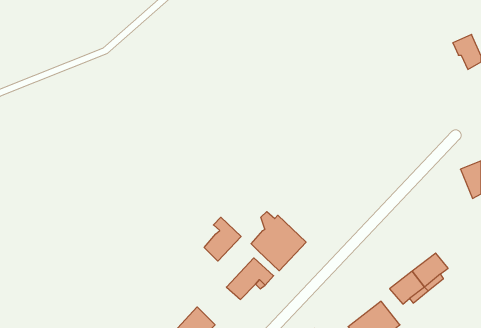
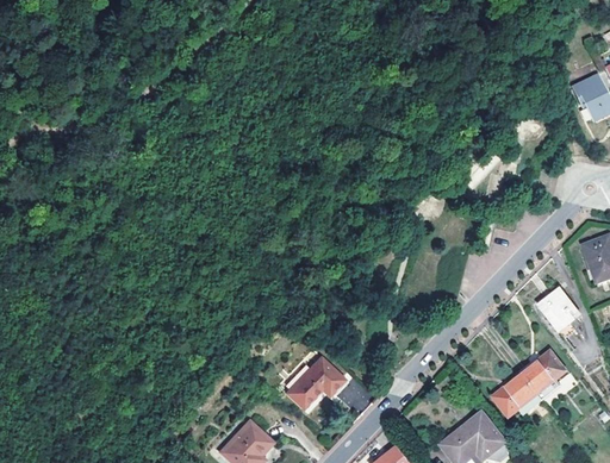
building: none -> [539,289,578,329]
building: [251,212,306,271] -> none
building: [204,217,241,261] -> none

